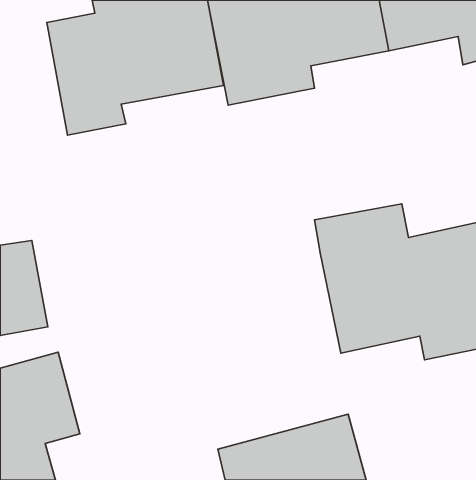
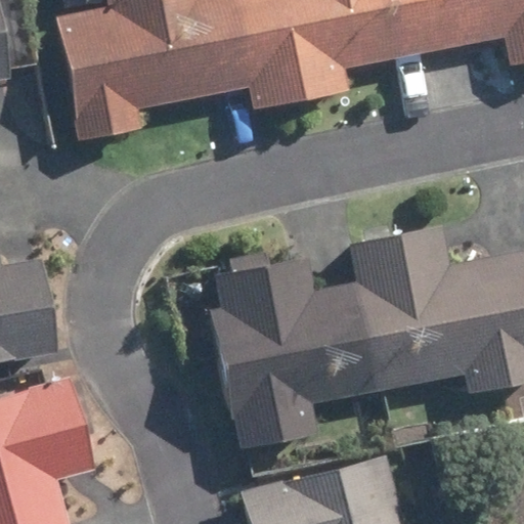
building: none -> [210,253,376,442]

